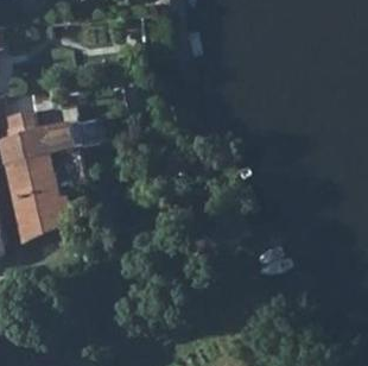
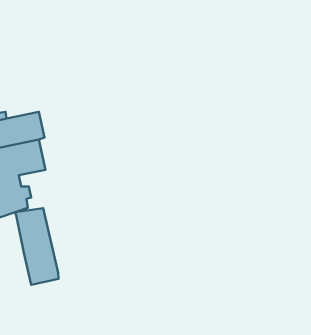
building: none -> [15,208,58,285]

